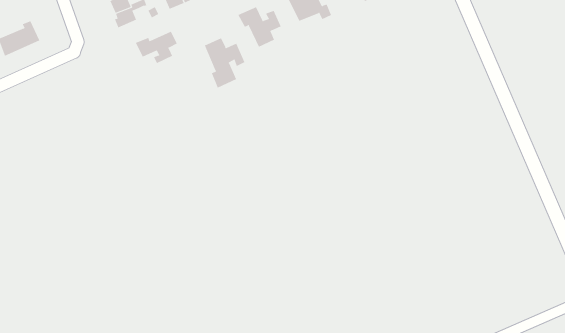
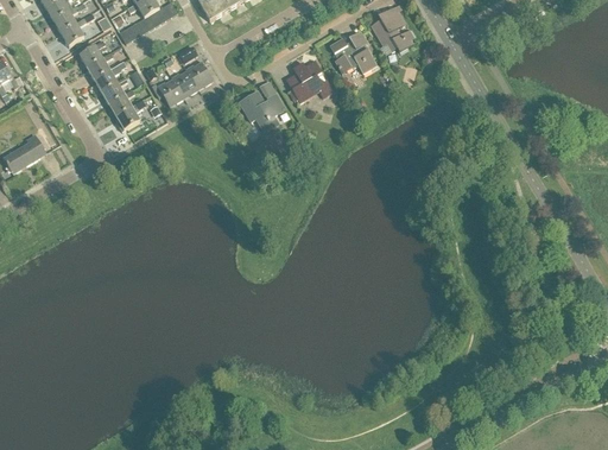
building: [135,31,177,64] -> none
building: [204,37,245,89] -> none

